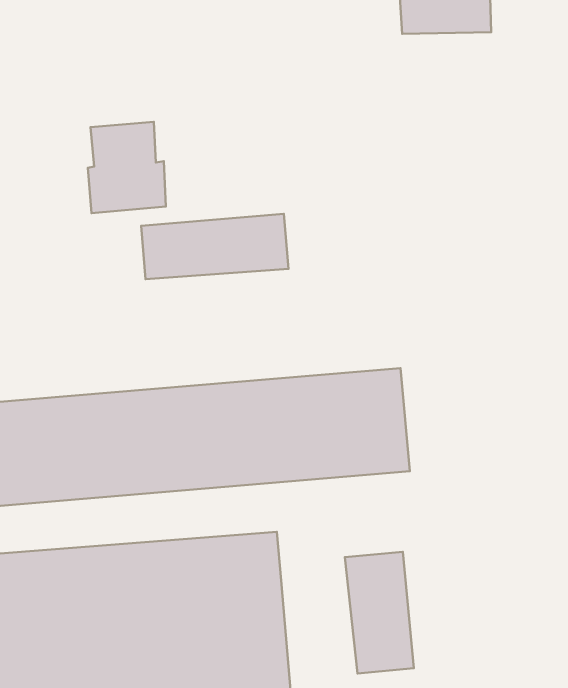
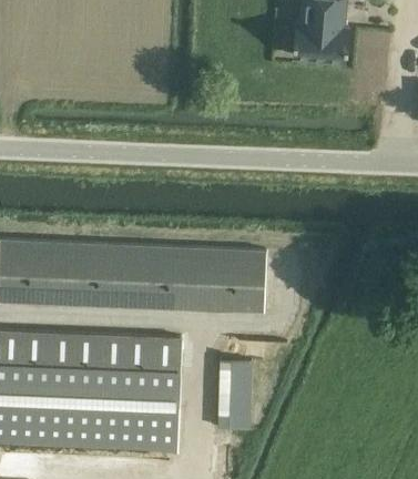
building: [88,122,166,213] -> none
building: [141,214,288,279] -> none

